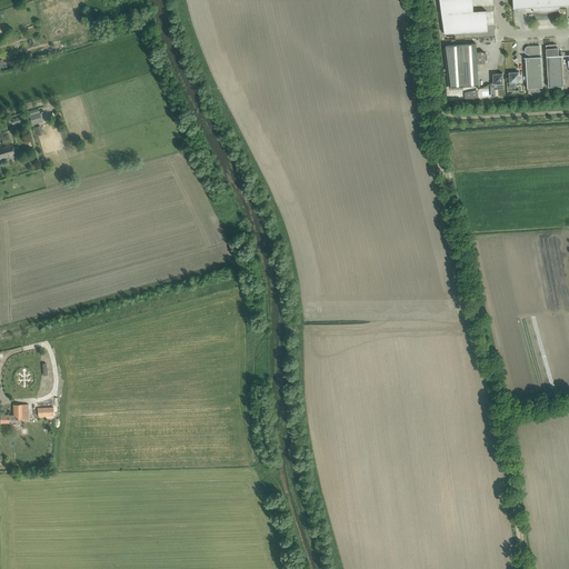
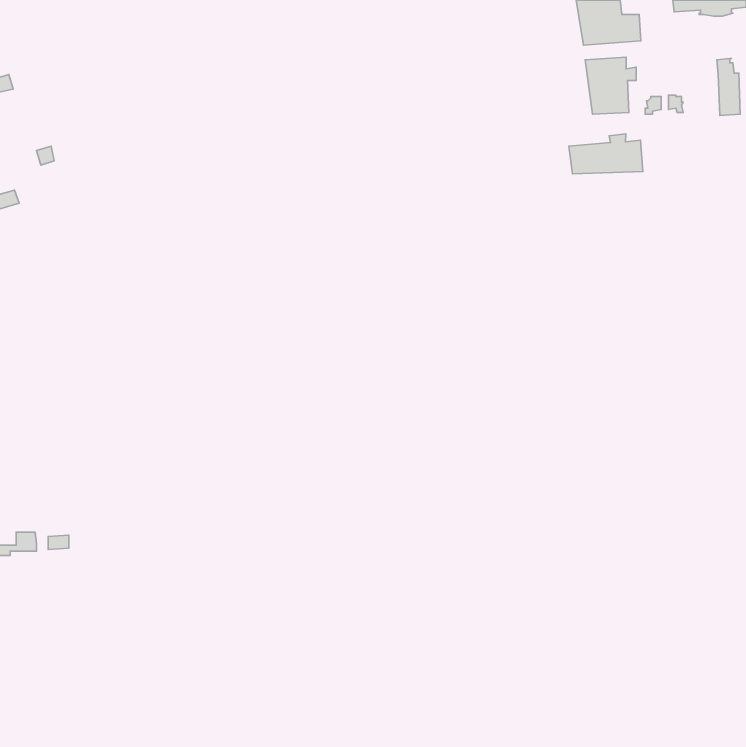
building: [523,46,541,89] -> none
building: none -> [569,134,643,174]

